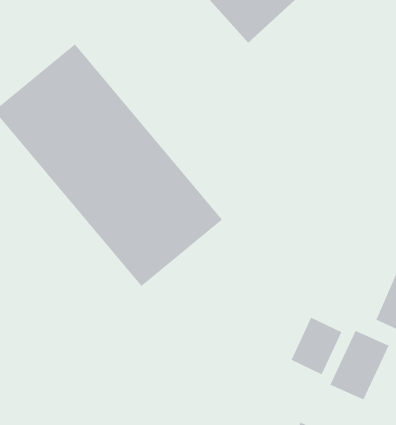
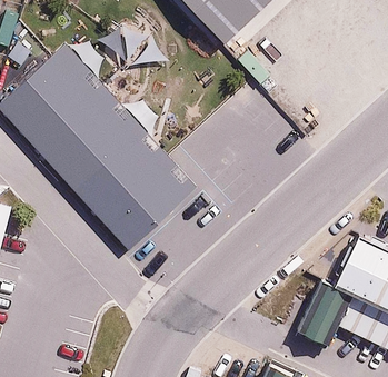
building: [291,317,342,375] -> none

